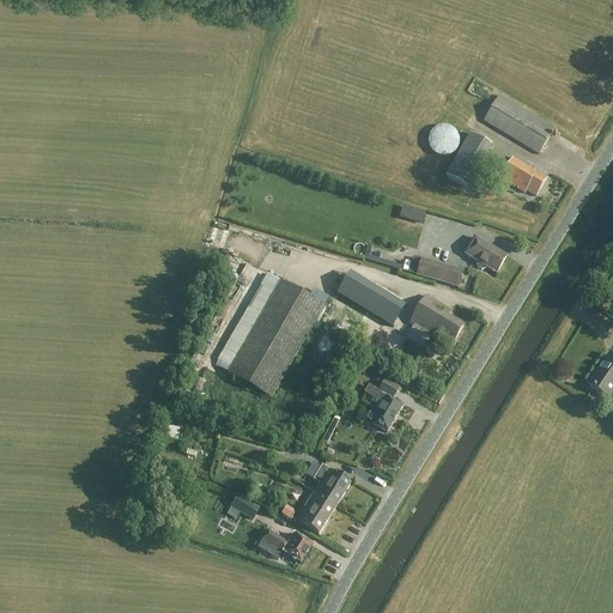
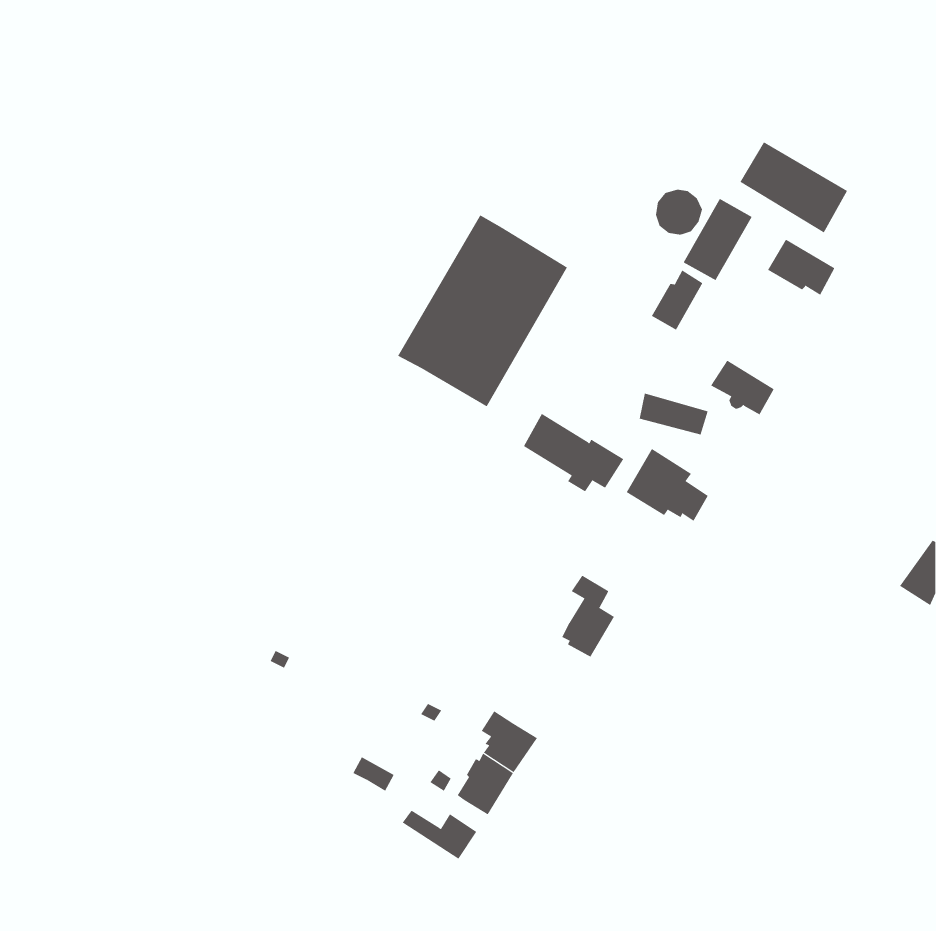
building: none -> [651,270,703,330]
building: [212,271,323,396] -> [397,214,568,407]

